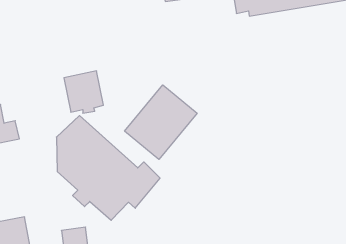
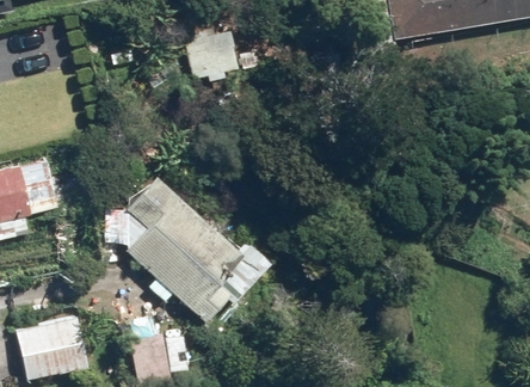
building: [64,71,103,113] -> [184,25,239,84]
building: [125,85,197,159] -> none

